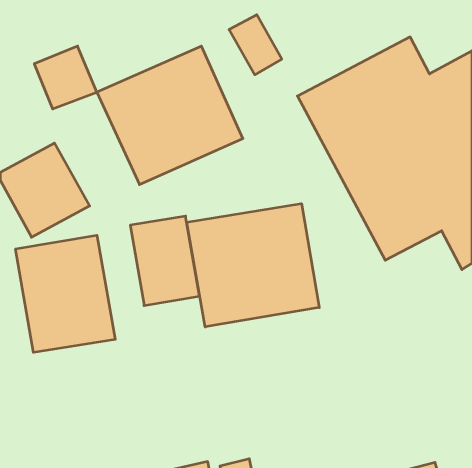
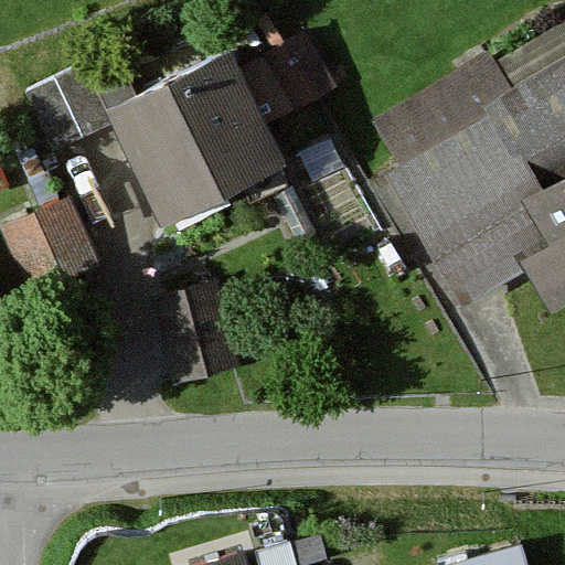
building: [187,204,319,327] -> none
building: [16,235,115,352] -> none

